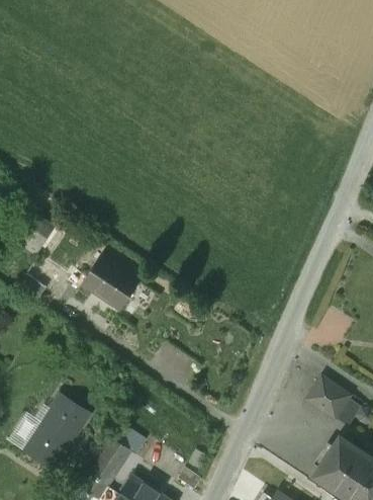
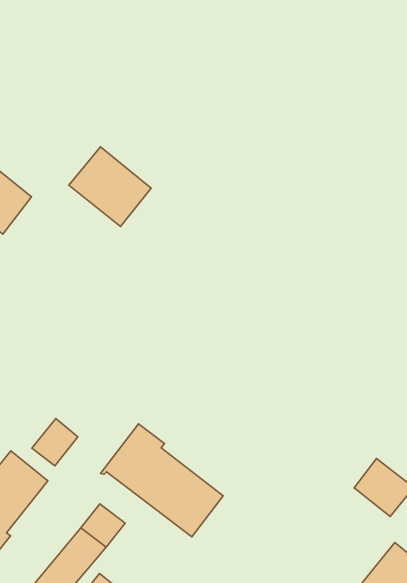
building: [83,253,142,309] -> [69,147,151,227]
building: none -> [100,424,223,537]
building: none -> [32,419,78,466]

